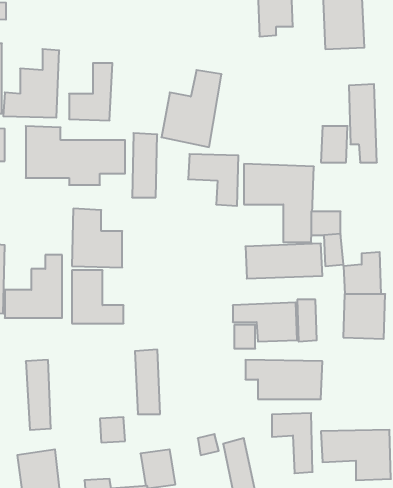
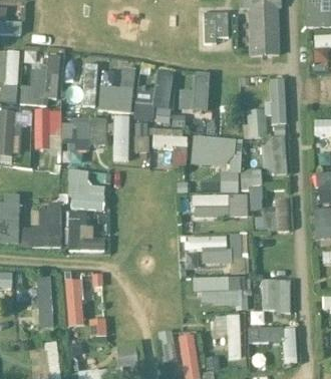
building: none -> [97,66,134,111]
building: none -> [179,71,209,109]
building: none -> [261,138,287,172]
building: [343,294,385,339] -> [261,279,291,311]
building: [135,350,160,414] -> [65,279,83,325]

